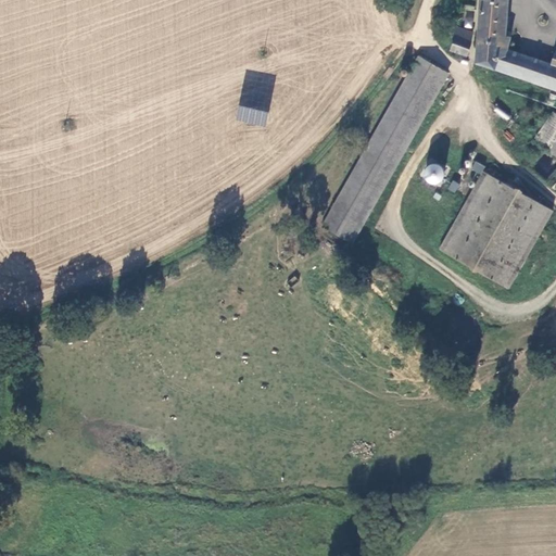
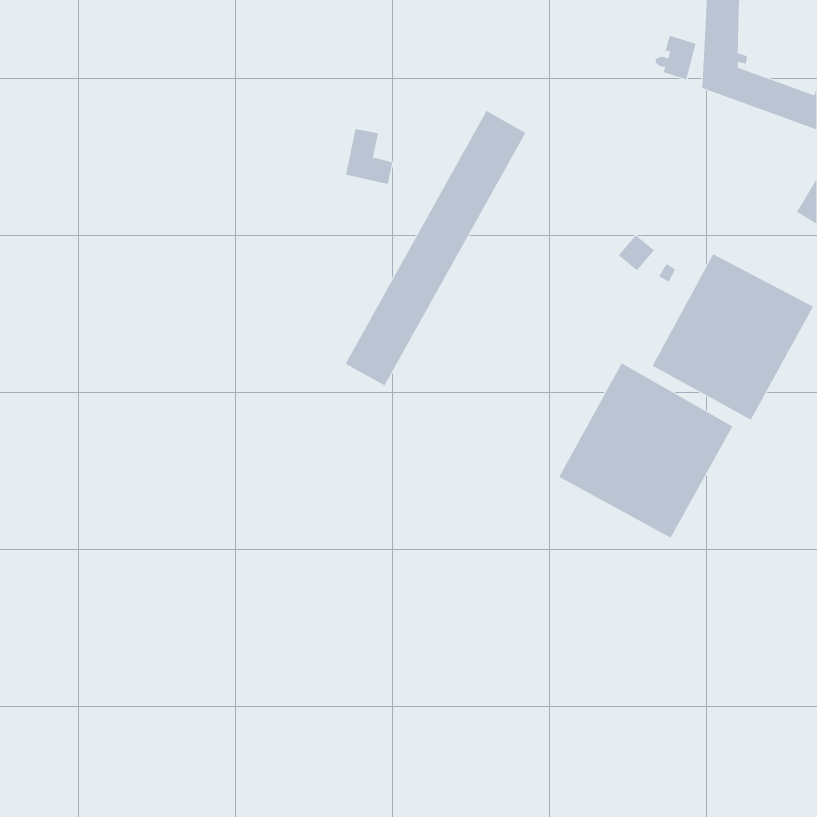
building: [324,55,446,242] -> [345,110,526,386]
building: none -> [559,362,733,539]

